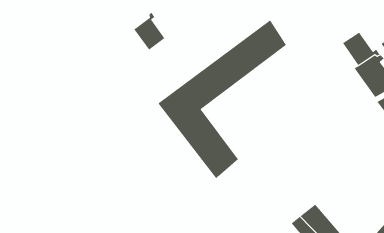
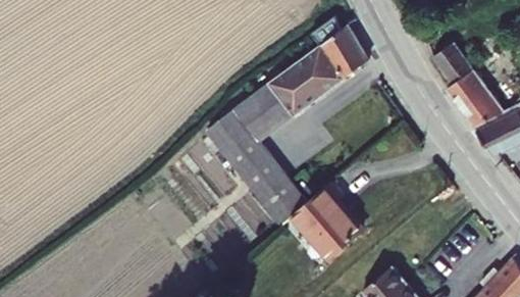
building: [134,12,165,51] -> none
building: none -> [281,179,360,265]

